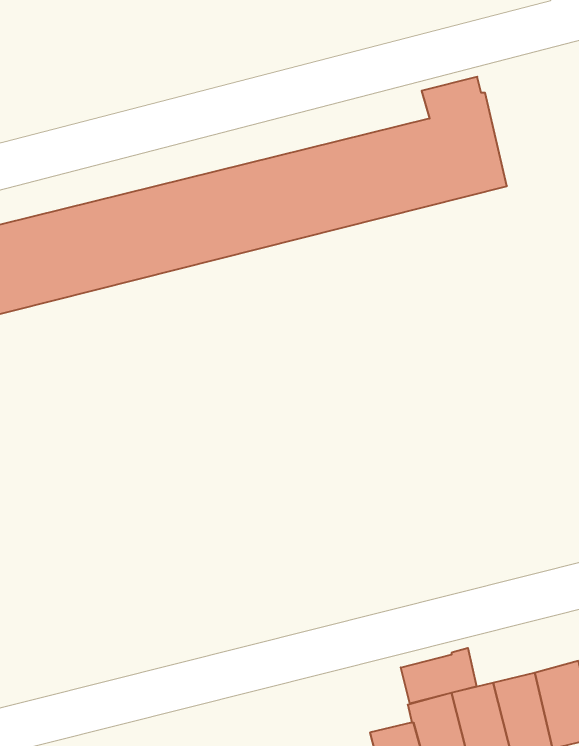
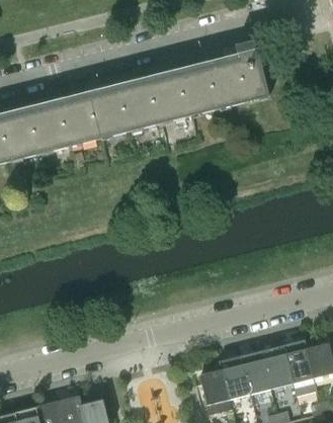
building: [401,648,476,703] -> none

